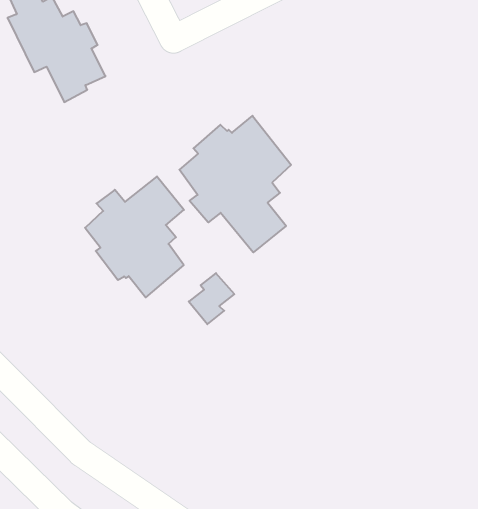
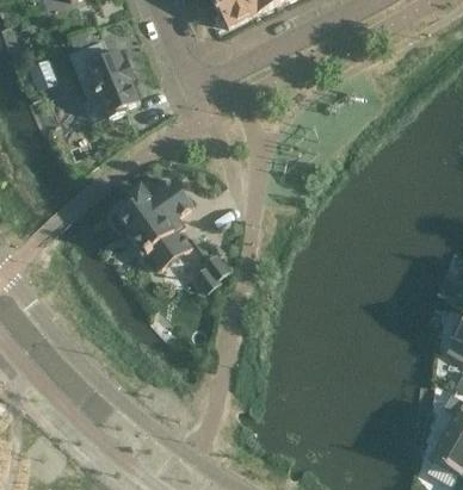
building: [179,116,291,252] -> none

